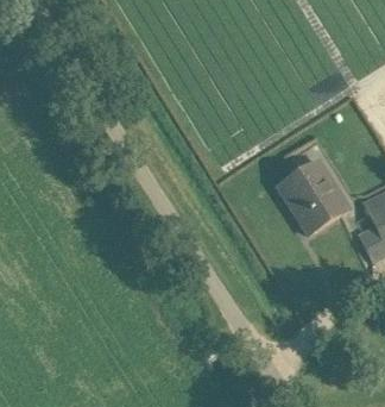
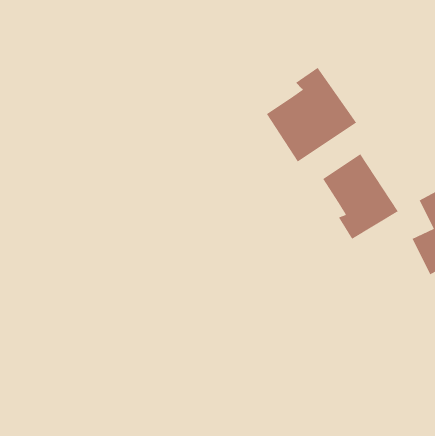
building: none -> [266,67,357,162]

